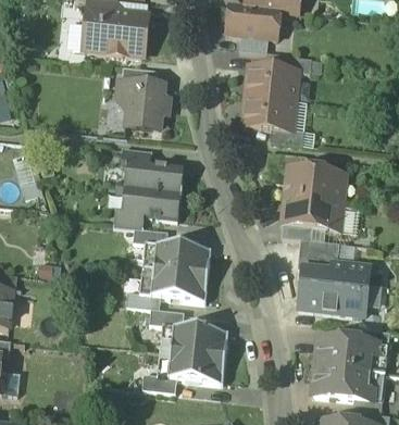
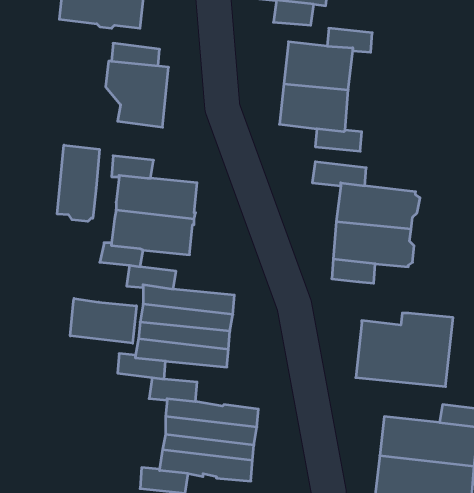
building: none -> [57,145,99,221]
building: [298,239,339,271] -> none
building: none -> [70,298,136,343]

